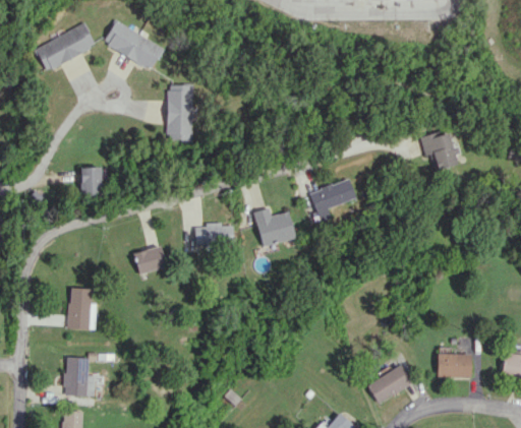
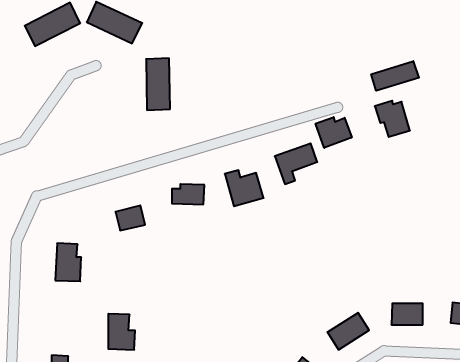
building: none -> [371,61,419,91]
building: none -> [316,117,352,148]
building: [80,167,103,196] -> none
building: [65,357,95,396] -> [108,314,135,350]

